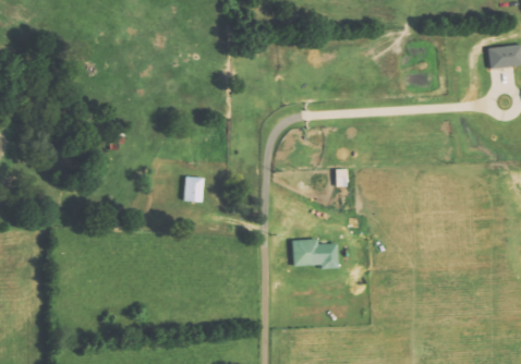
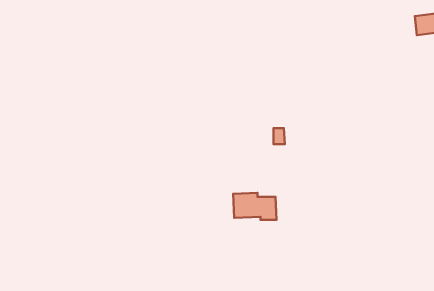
building: [183,177,204,202] -> none

